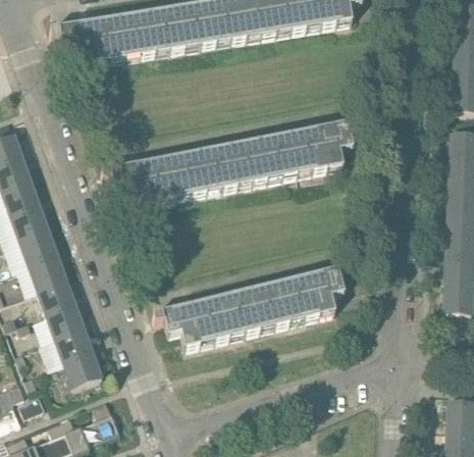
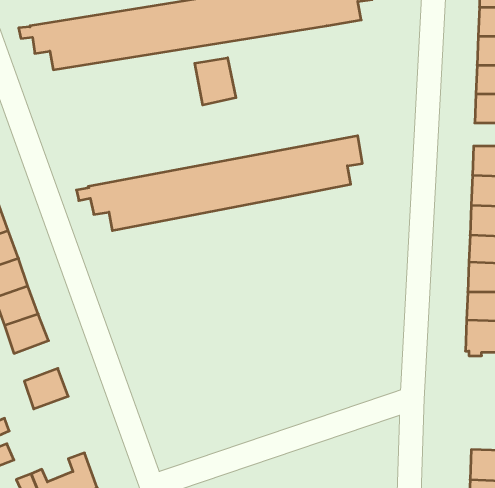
building: none -> [195,58,236,105]
building: [152,268,344,348] -> none
building: [45,304,84,340] -> none
building: [62,353,102,389] -> none

